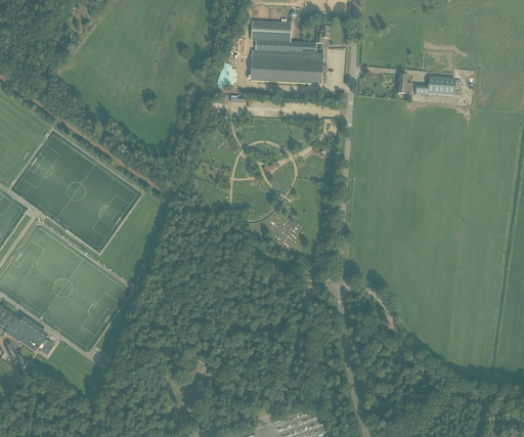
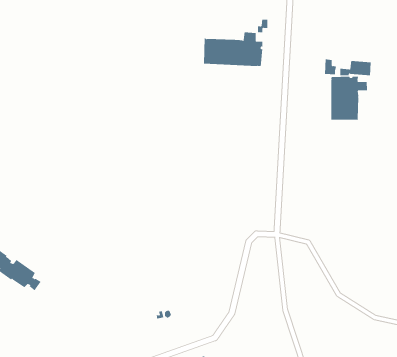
building: [250,20,291,50] -> none
building: none -> [331,76,367,121]

